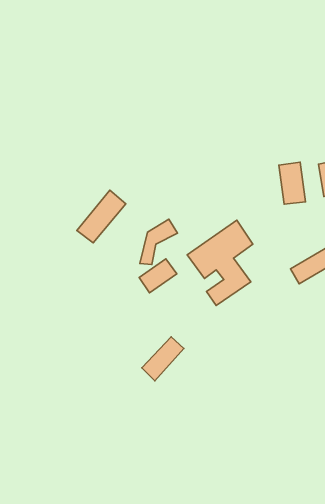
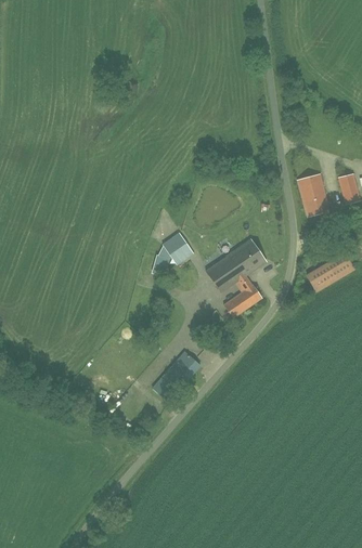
building: [77,190,126,243] -> none
building: [139,259,177,293] -> none

